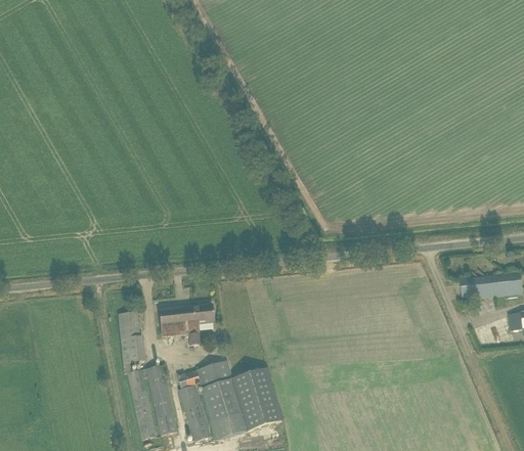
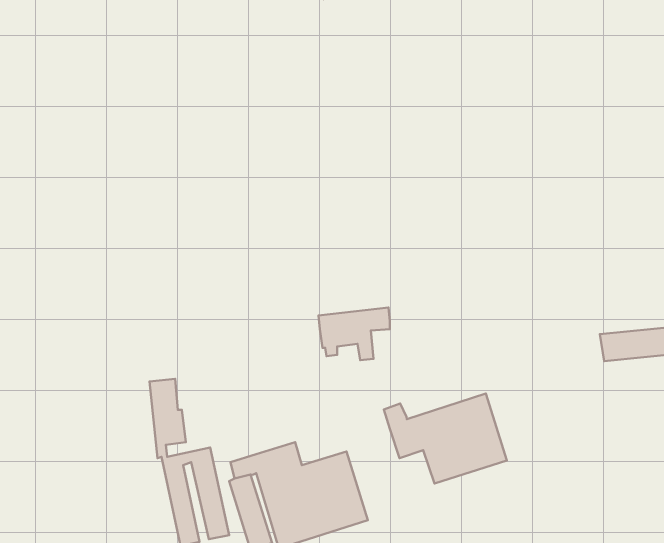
building: [159,304,213,344] -> [318,308,390,360]
building: none -> [384,393,507,483]

